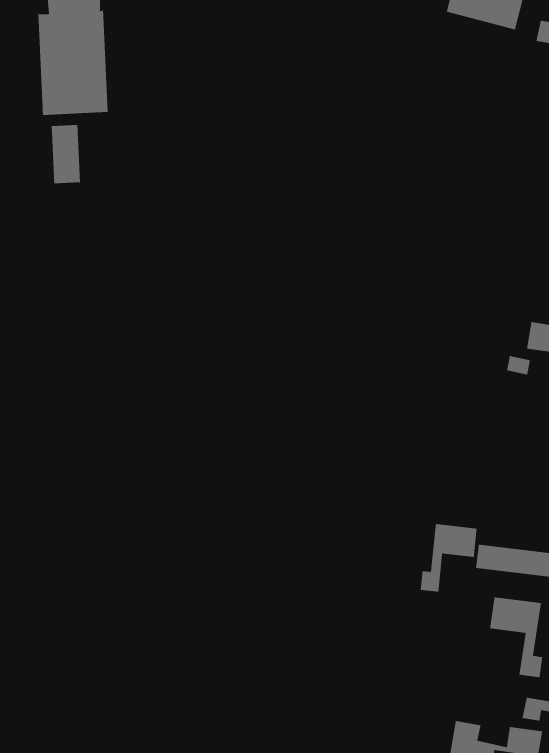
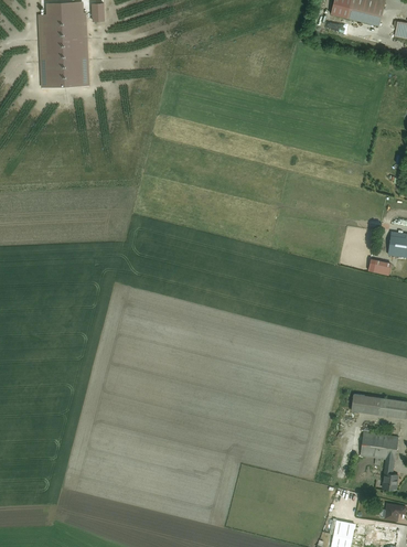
building: [51,124,81,184] -> none
building: [420,523,478,592] -> none

